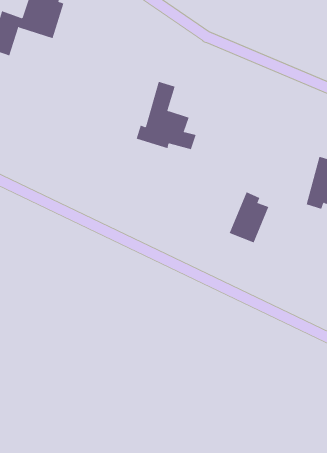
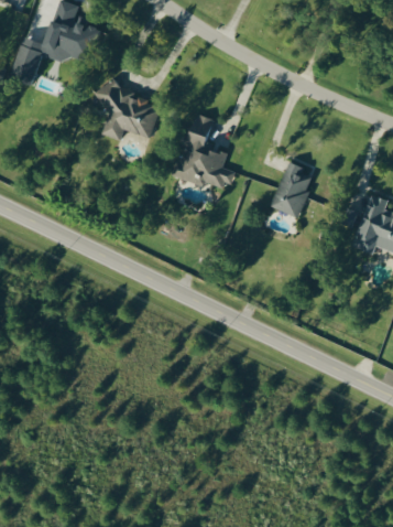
building: none -> [100,80,161,140]
building: [229,192,269,243] -> [271,161,315,217]

